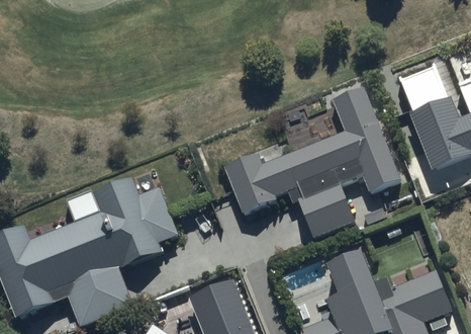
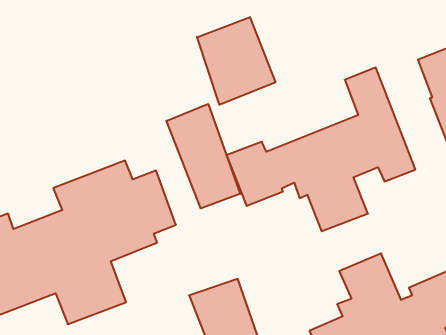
building: none -> [197,17,275,105]
building: none -> [166,104,240,208]

